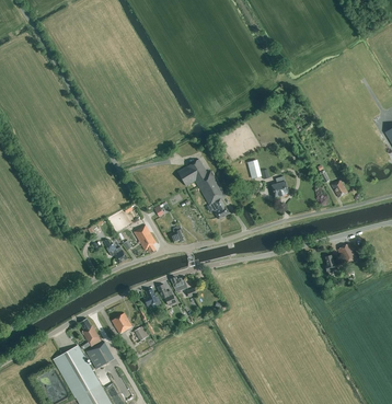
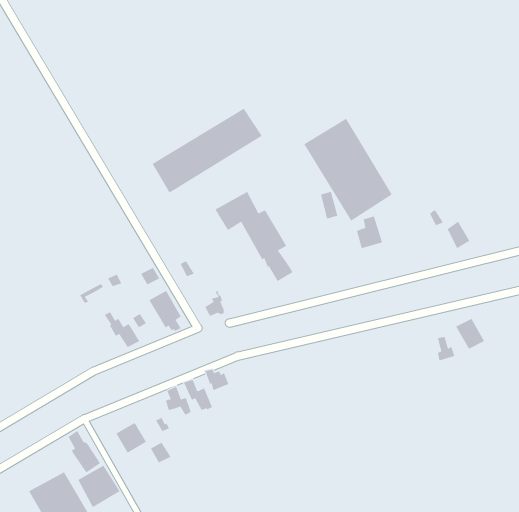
building: none -> [152,108,263,193]
building: none -> [303,118,393,221]

